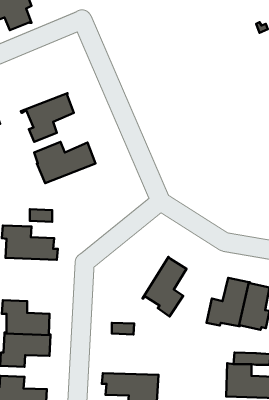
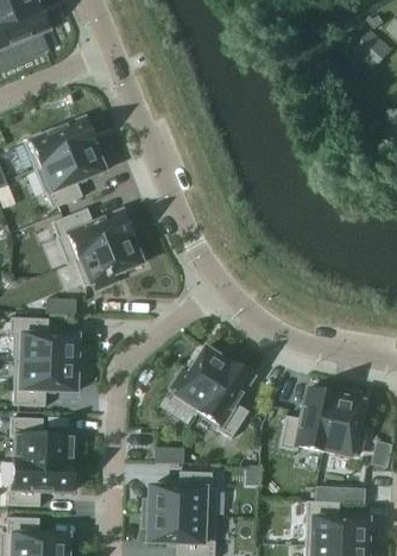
building: none -> [24,118,96,168]
building: none -> [67,236,143,289]
building: none -> [170,347,229,415]
building: none -> [13,361,82,405]
building: none -> [143,470,218,516]

